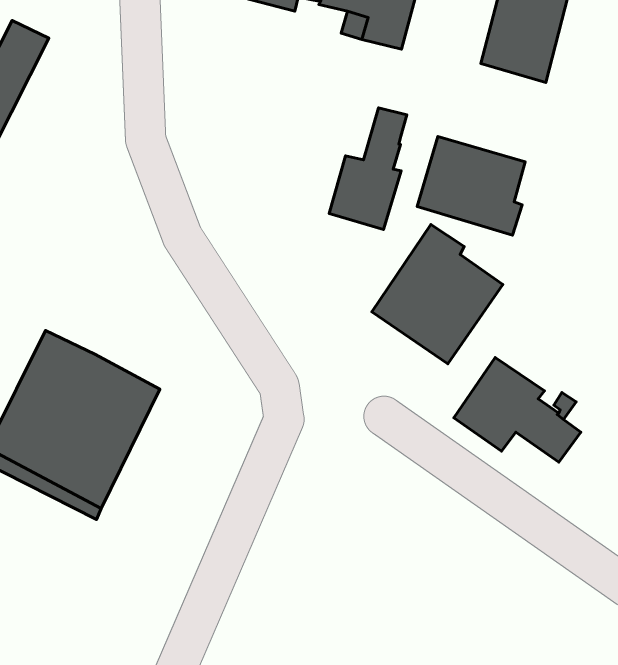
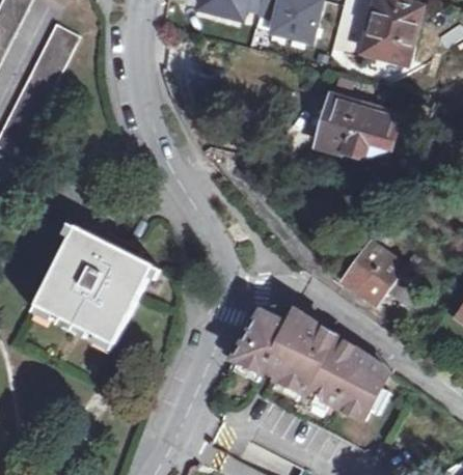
building: [329,108,407,230] -> none
building: [372,224,503,364] -> none
building: none -> [233,306,388,418]

